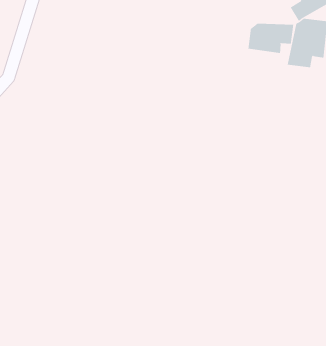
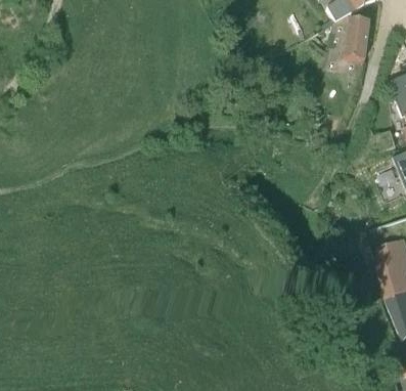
building: [248,23,294,54] -> none

